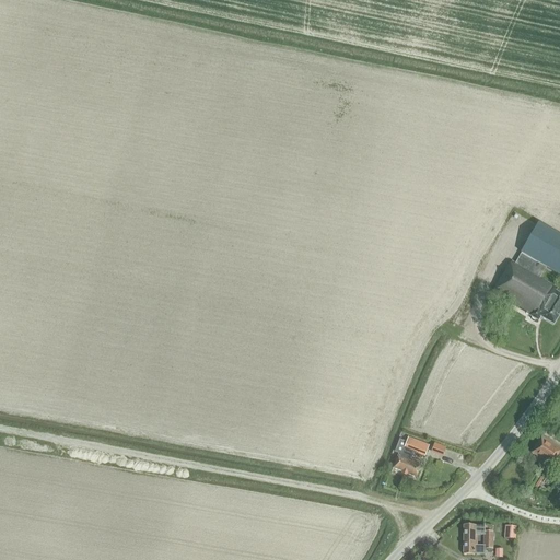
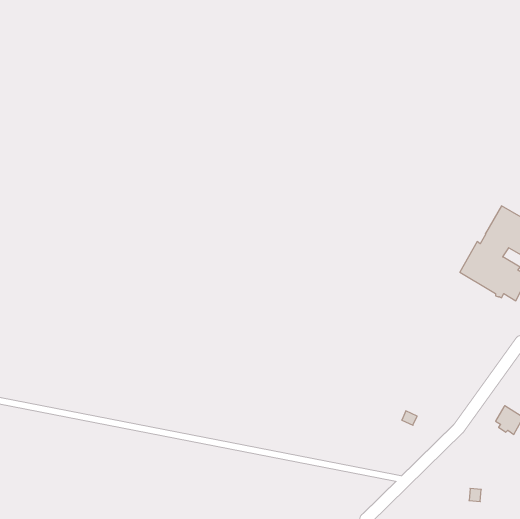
building: [394,435,430,476] -> none
building: [464,524,493,552] -> none

